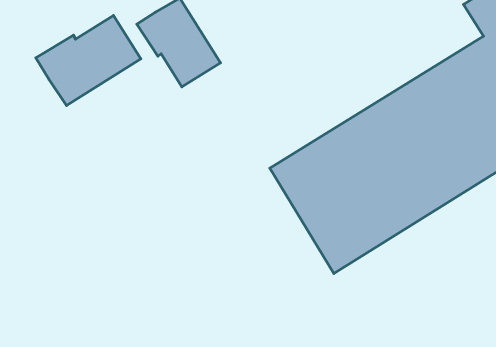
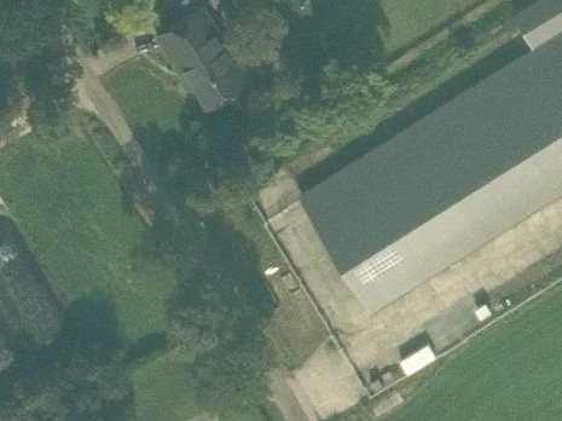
building: [36,15,141,105] -> none

